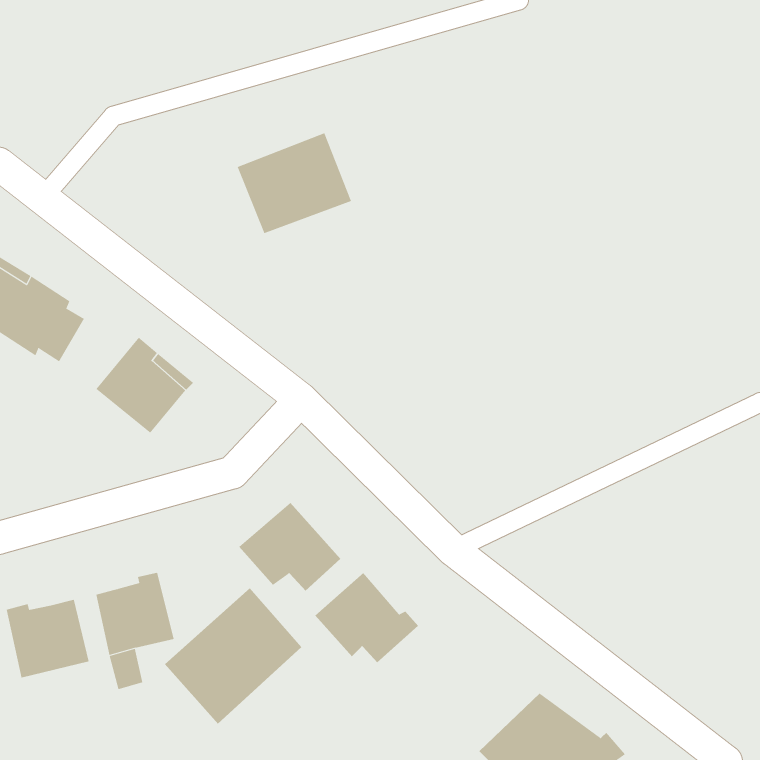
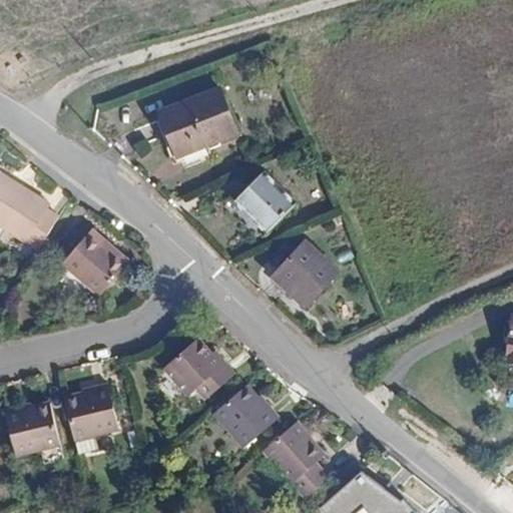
building: none -> [235,167,298,229]
building: none -> [273,243,339,310]
building: [164,588,302,725] -> none
building: none -> [262,423,327,499]

